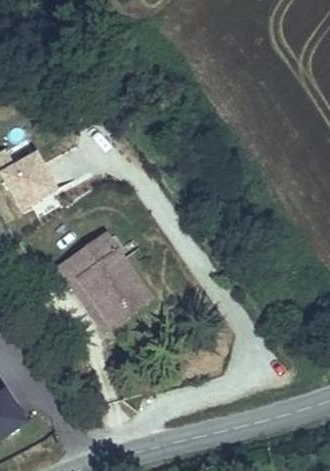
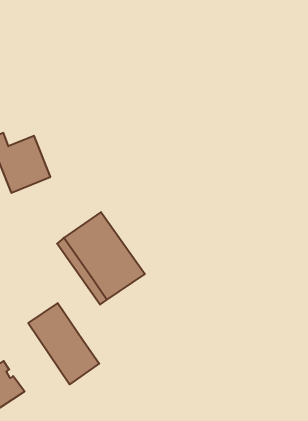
building: none -> [28,303,99,384]

